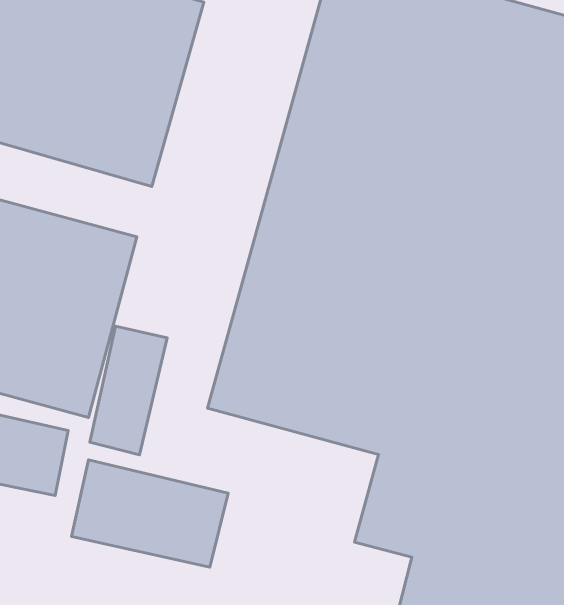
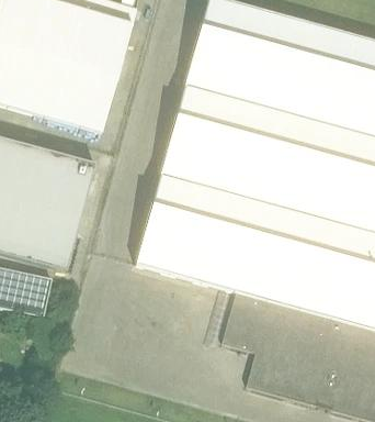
building: [90,326,167,455] -> none
building: [72,460,228,567] -> none

